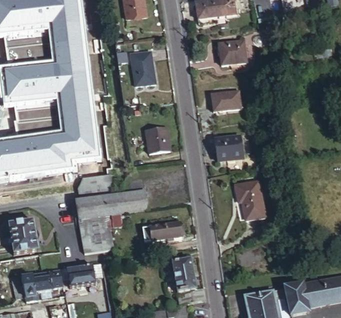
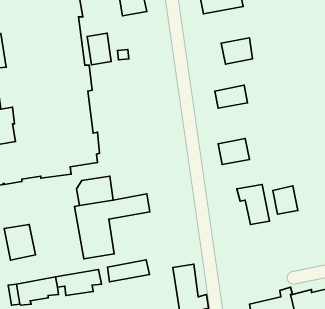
building: [131,54,154,84] -> [87,33,111,65]
building: [149,123,172,151] -> none
building: none -> [273,186,298,214]
building: [142,221,182,242] -> [107,260,149,282]

